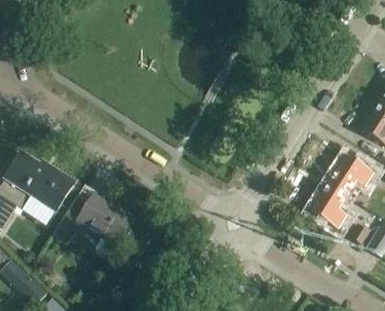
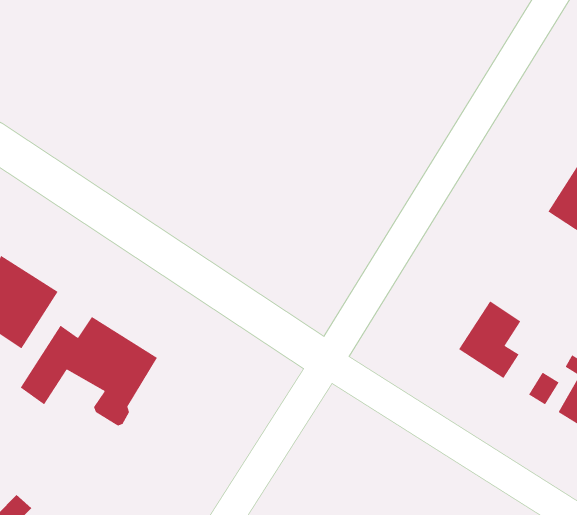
building: [329,154,374,195] -> none

